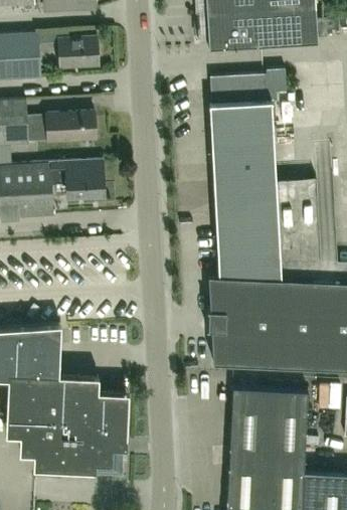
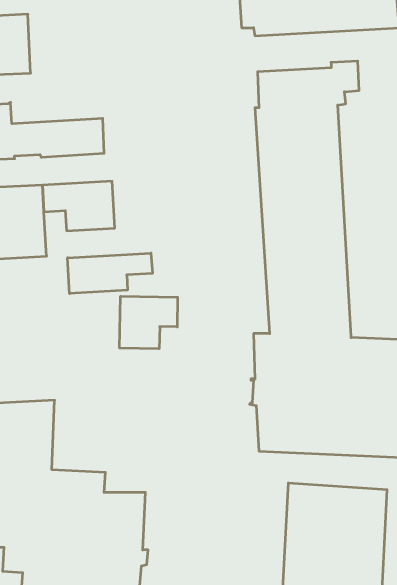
building: [58,37,100,69] -> none
building: none -> [68,253,152,294]
building: none -> [120,296,178,349]

